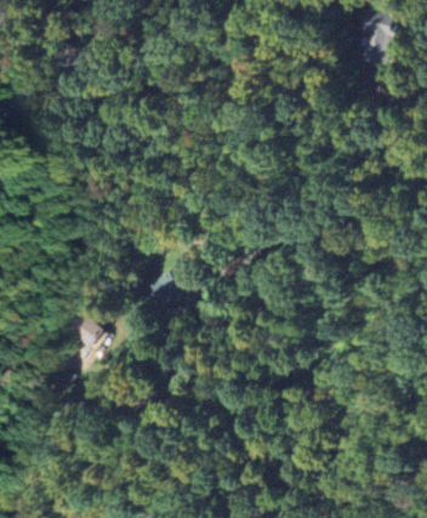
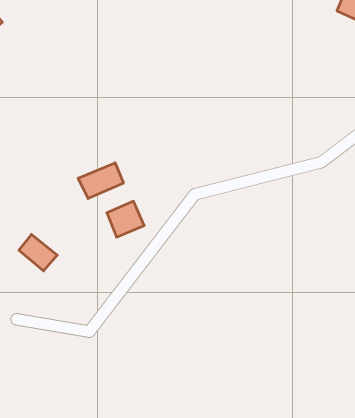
building: none -> [78,163,123,199]

